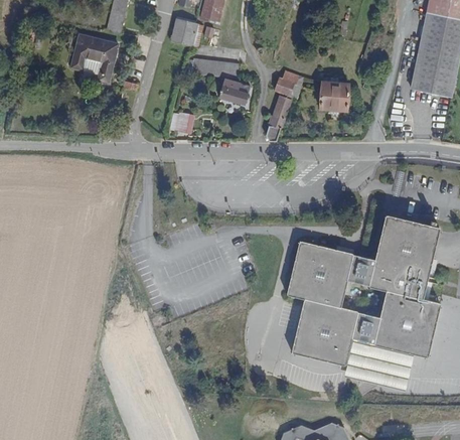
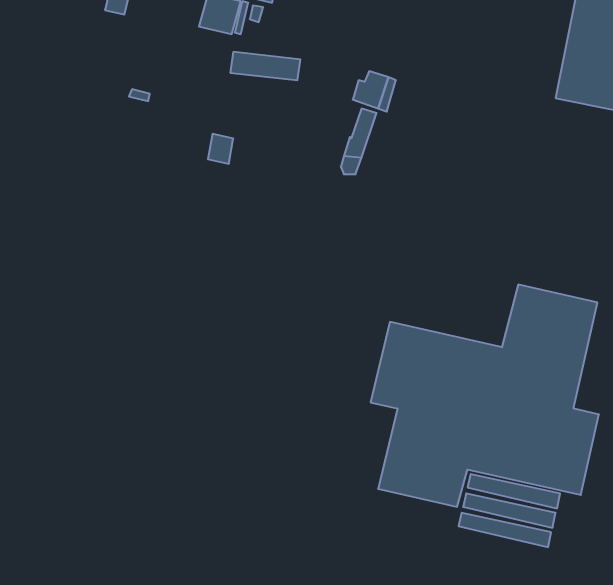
building: [70,34,118,83] -> none
building: [218,78,250,105] -> none
building: [320,81,348,111] -> none

